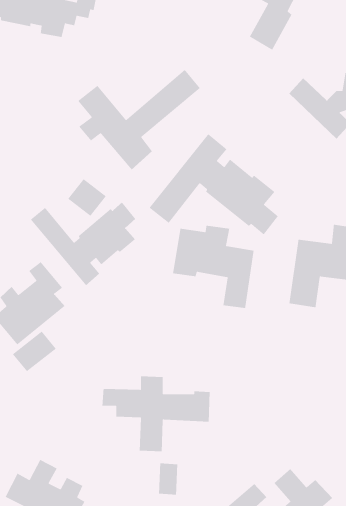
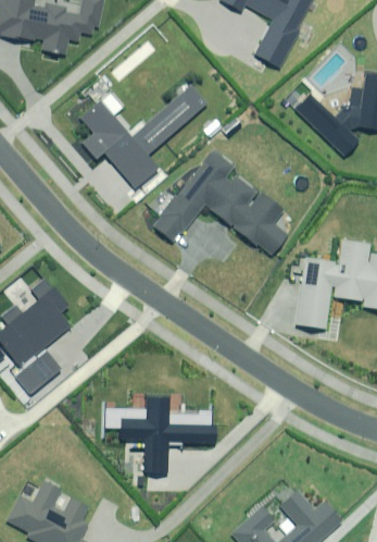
building: [67,178,107,217] -> none
building: [30,202,136,286] -> none
building: [172,225,254,309] -> none
building: [158,463,178,496] -> none

